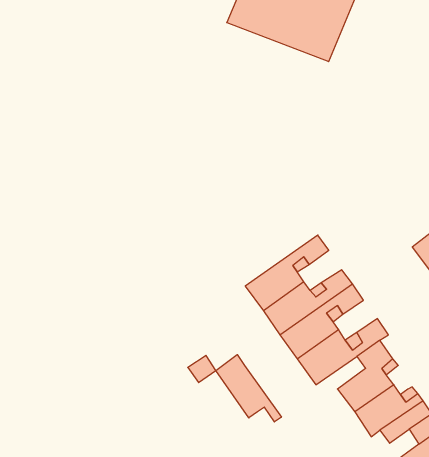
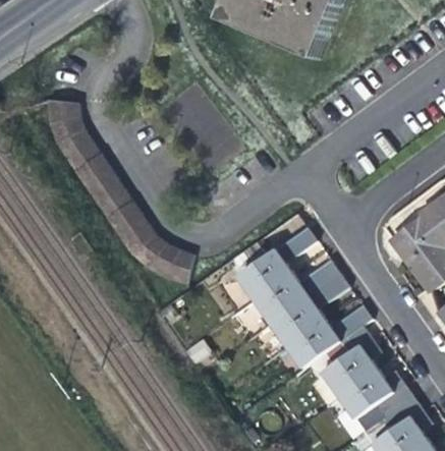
building: none -> [47,108,197,286]
building: [216,355,281,422] -> none

